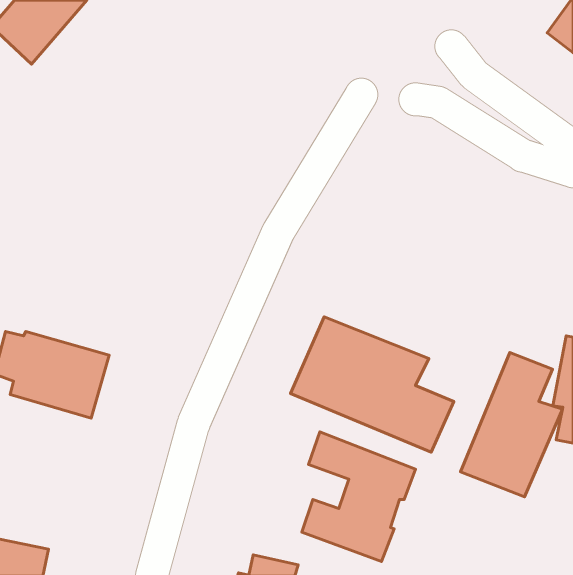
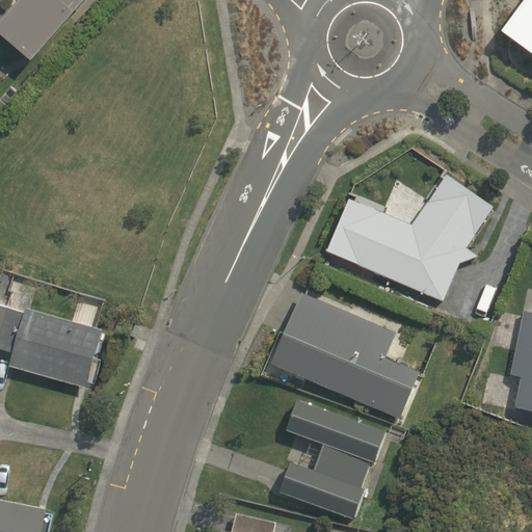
building: none -> [328,172,496,301]
building: [460,353,562,497] -> none

